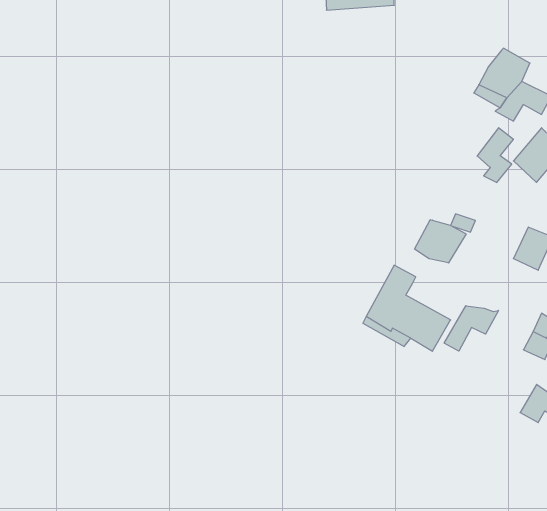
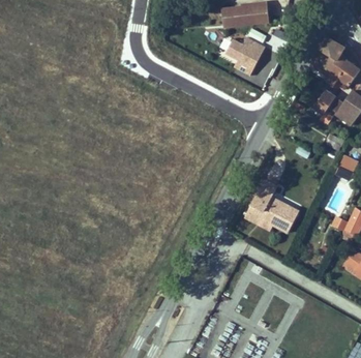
building: none -> [233,32,273,70]
building: [415,220,466,263] -> none
building: [444,306,498,351] -> none

